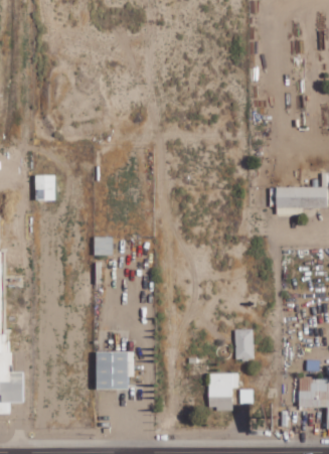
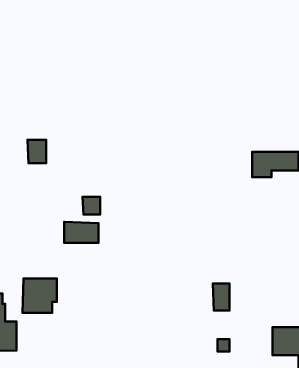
building: none -> [64,222,98,243]
building: [96,352,133,390] -> [22,278,57,313]
building: [208,373,237,410] -> none

